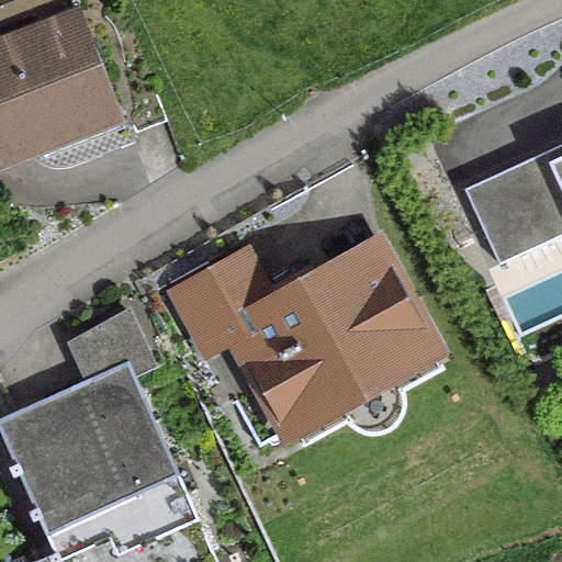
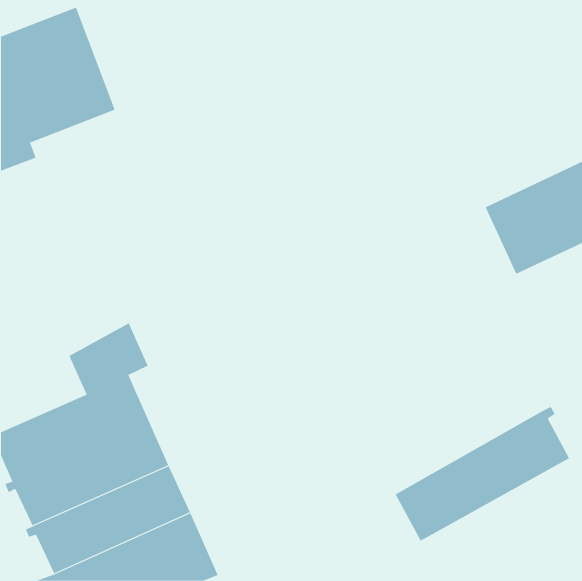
building: [177,246,430,429] -> none
building: none -> [395,406,570,542]

